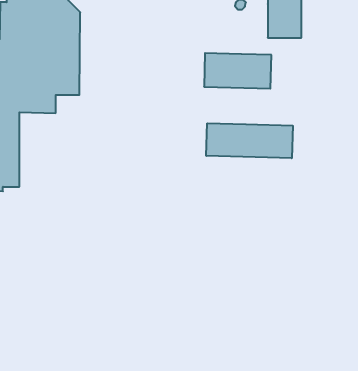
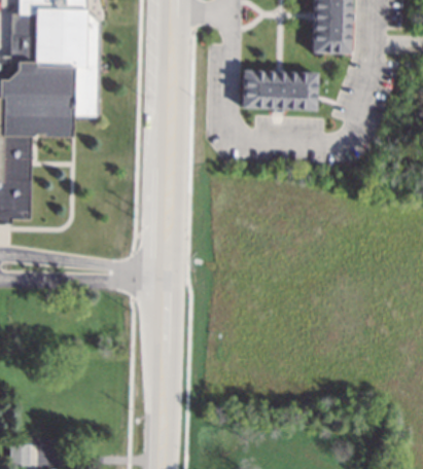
building: [206,123,293,158] -> none

